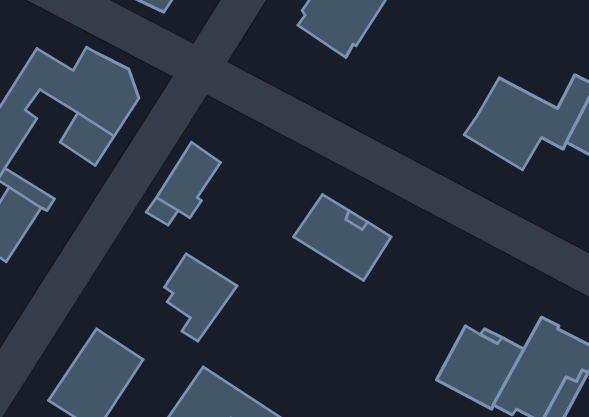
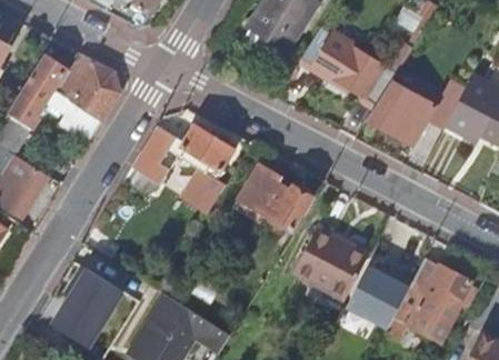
building: none -> [302,23,415,106]
building: [164,254,237,341] -> [180,127,236,193]
building: none -> [292,228,367,301]

